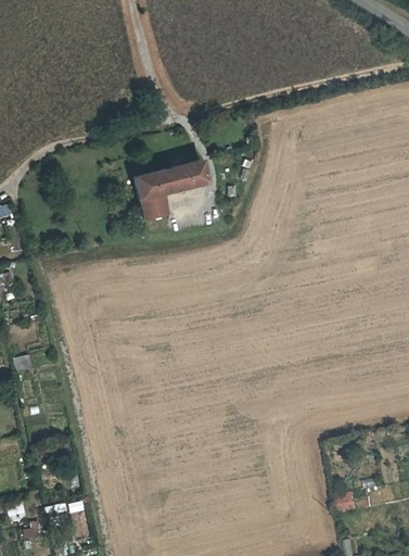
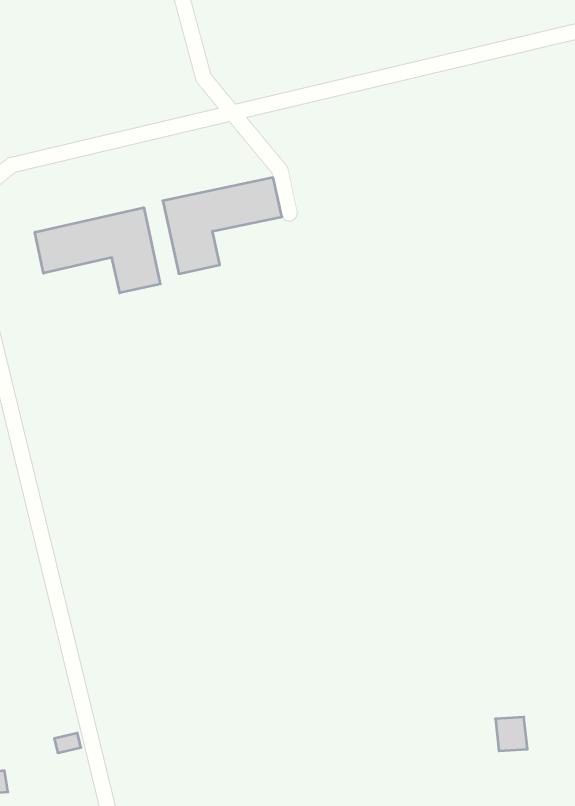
building: none -> [35,208,160,293]

